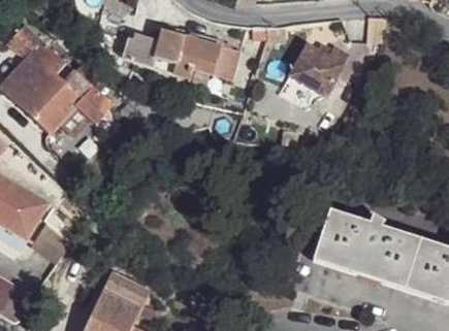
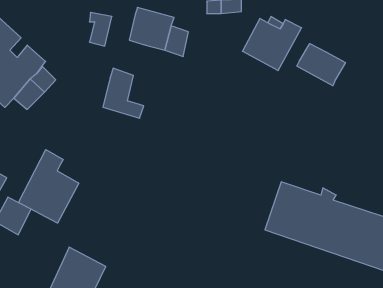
building: [150,30,191,80] -> [103,68,144,118]
building: none -> [297,44,345,86]
building: none -> [18,150,79,223]

